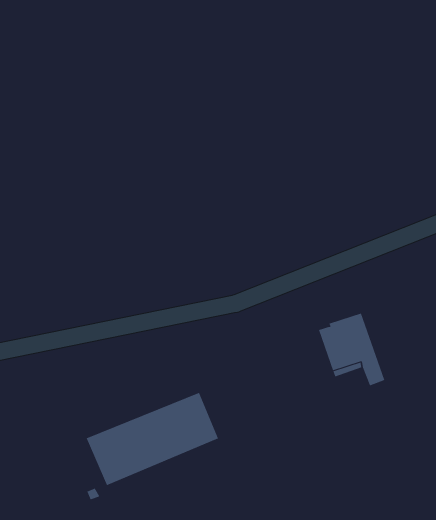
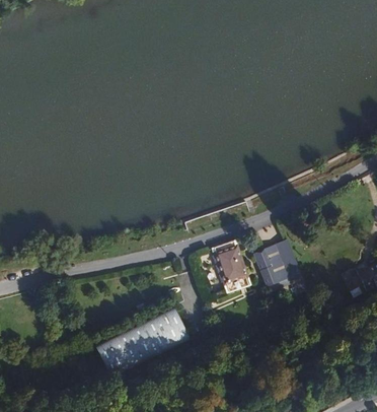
building: none -> [209,238,248,292]

